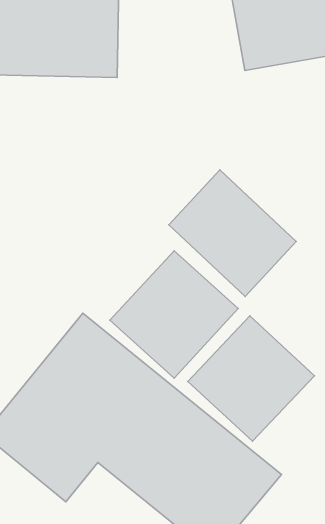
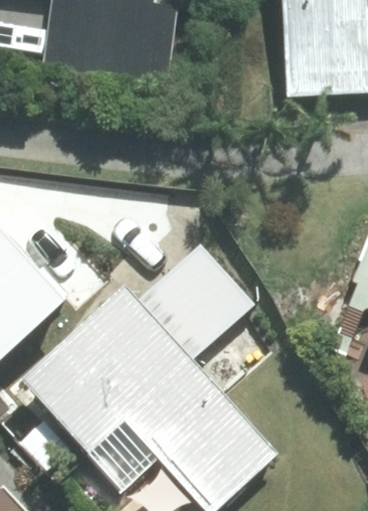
building: [169,170,296,296] -> none
building: [188,316,314,441] -> none

